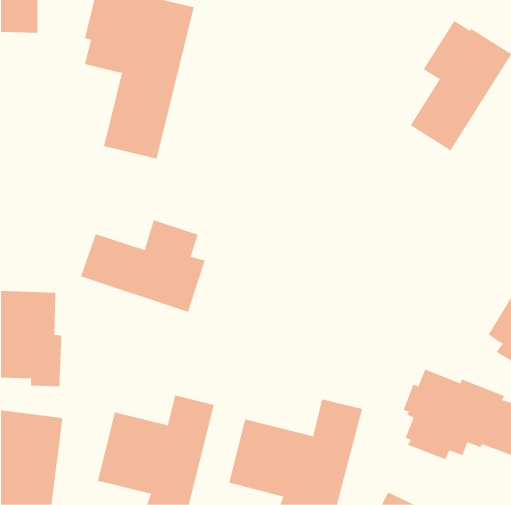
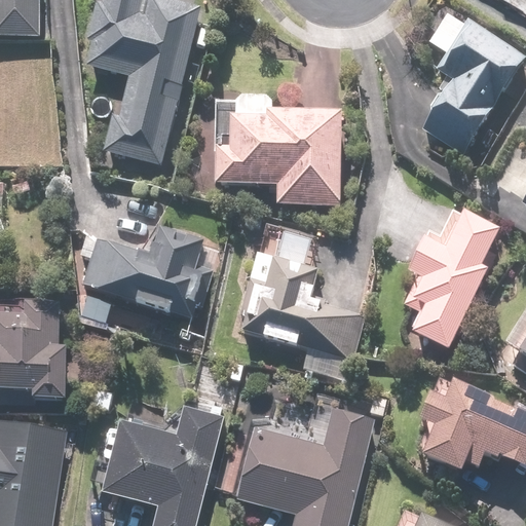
building: none -> [214,101,343,208]
building: none -> [402,212,497,350]
building: none -> [238,251,366,360]

